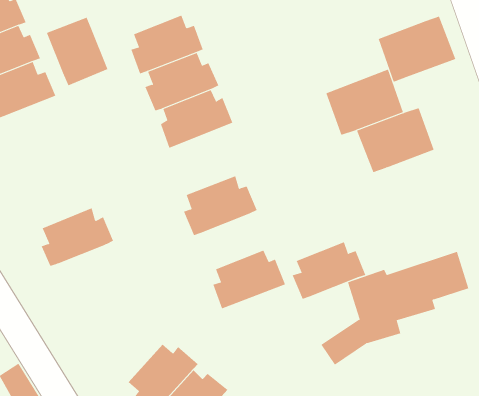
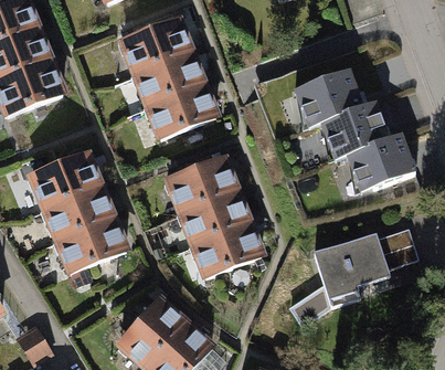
building: [378,16,456,82] -> [348,135,415,192]
building: [46,17,108,86] -> none
building: none -> [36,157,99,209]
building: [292,242,366,299] -> [184,194,248,244]
building: none -> [62,221,125,272]

